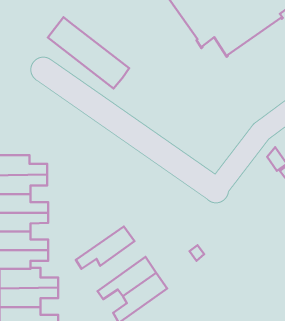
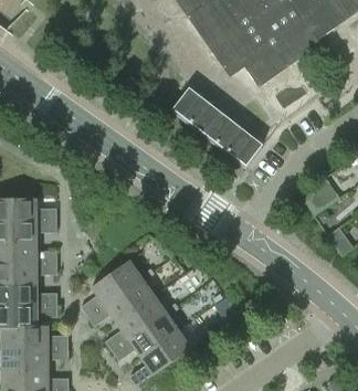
building: [48,17,129,89] -> [171,86,263,167]
building: none -> [81,260,143,316]
building: none -> [106,295,167,351]

